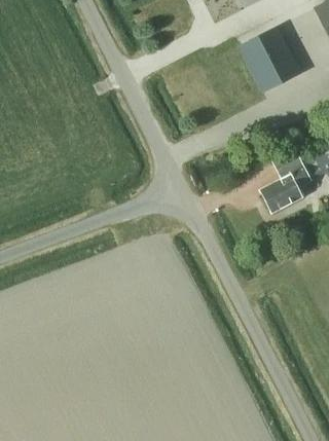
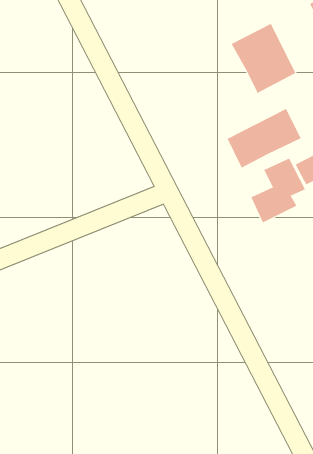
building: none -> [227,108,302,169]

